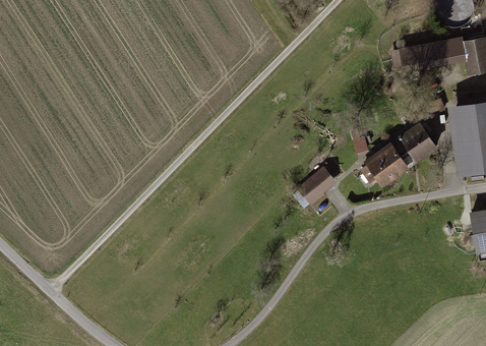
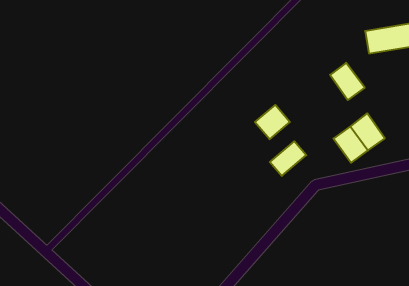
building: [402,123,439,164] -> [330,63,365,100]
building: none -> [255,105,290,139]

